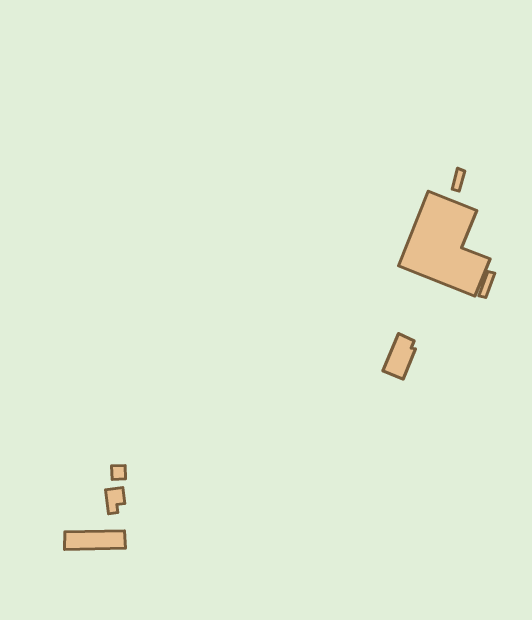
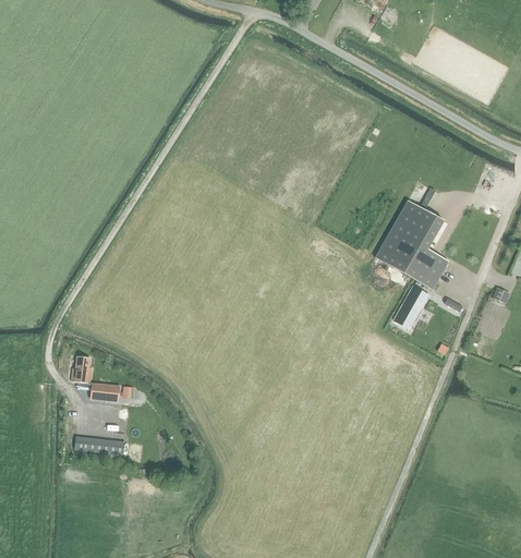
building: [383,334,415,379] -> [398,286,426,323]
building: none -> [72,356,120,402]

